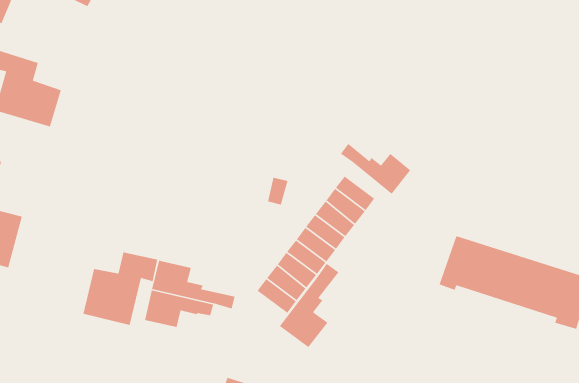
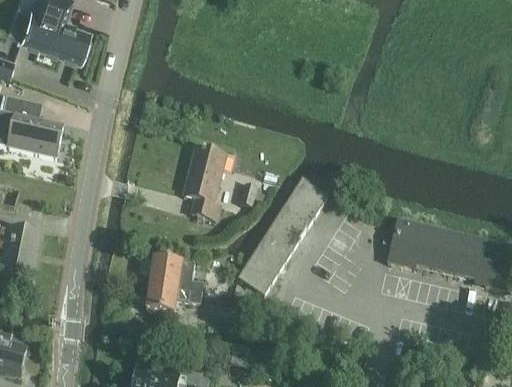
building: none -> [182,150,224,224]
building: [340,143,411,195] -> none
building: [83,251,158,326] -> none
building: [279,263,340,348] -> none

